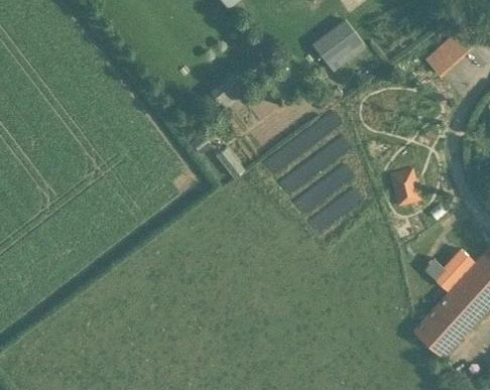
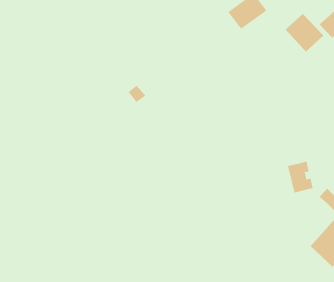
building: none -> [285,13,324,53]
building: [389,167,421,207] -> [287,161,314,193]

